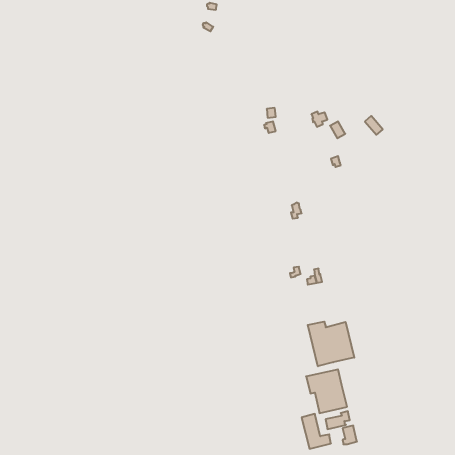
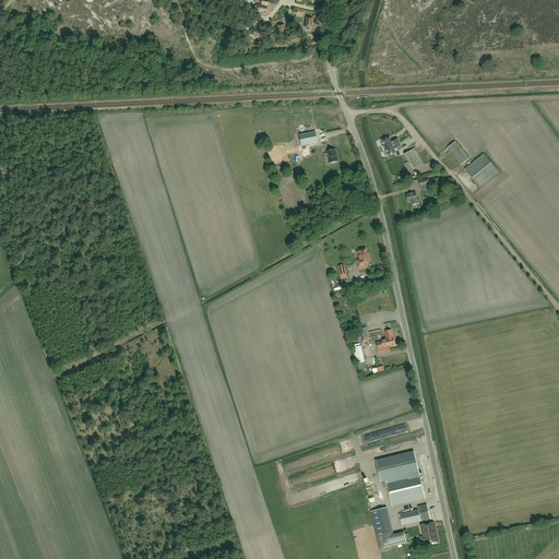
building: none -> [464,153,498,187]
building: [308,322,354,366] -> none

